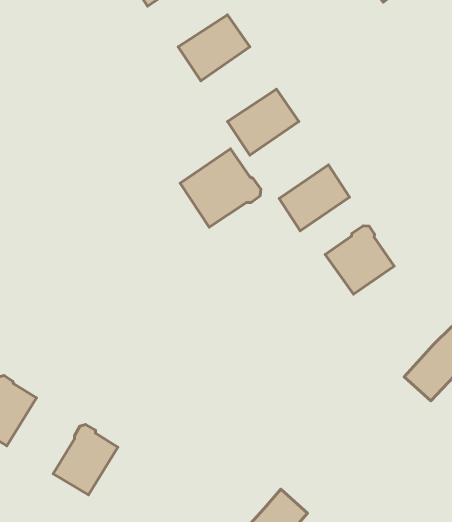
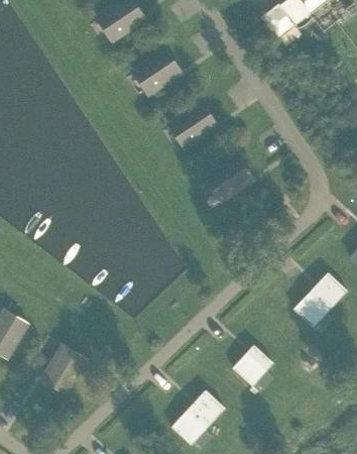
building: [180,149,261,227] -> none
building: [325,226,394,294] -> none
building: none -> [233,345,273,386]

